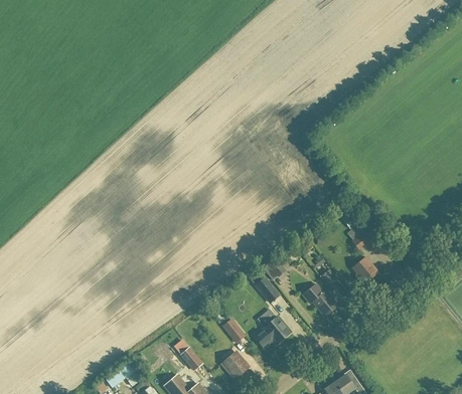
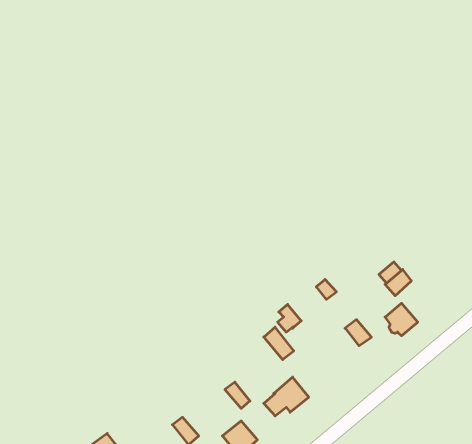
building: [303,283,338,316] -> none

